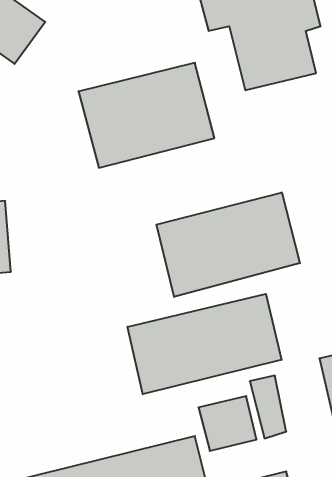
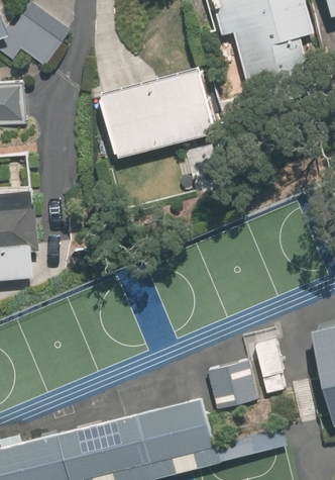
building: [156,192,300,297] -> none
building: [128,294,282,394] -> none

